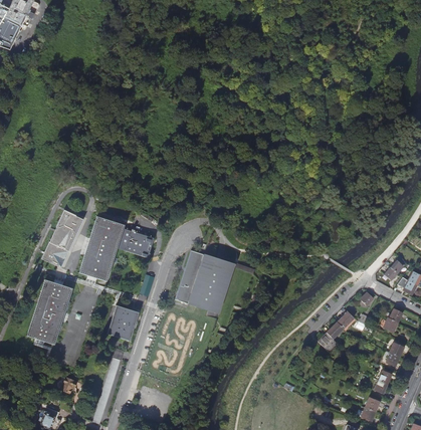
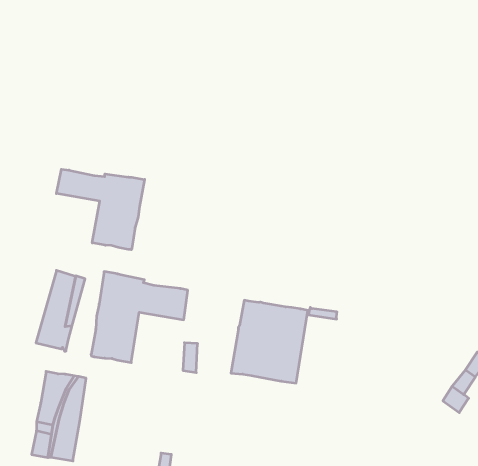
building: none -> [56,169,145,250]
building: [108,304,139,341] -> none

